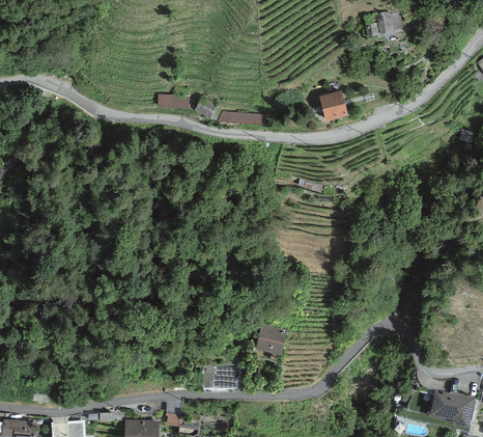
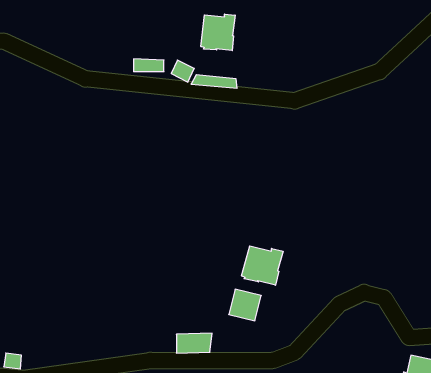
building: none -> [201,14,235,51]
building: [320,92,346,121] -> none
building: none -> [242,246,283,285]

